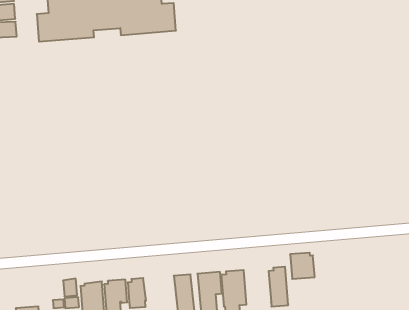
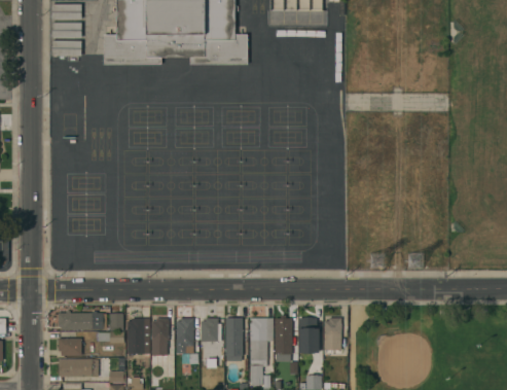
building: [290,253,315,279] -> [298,328,322,354]
building: none -> [201,318,223,348]
building: none -> [58,311,93,330]

